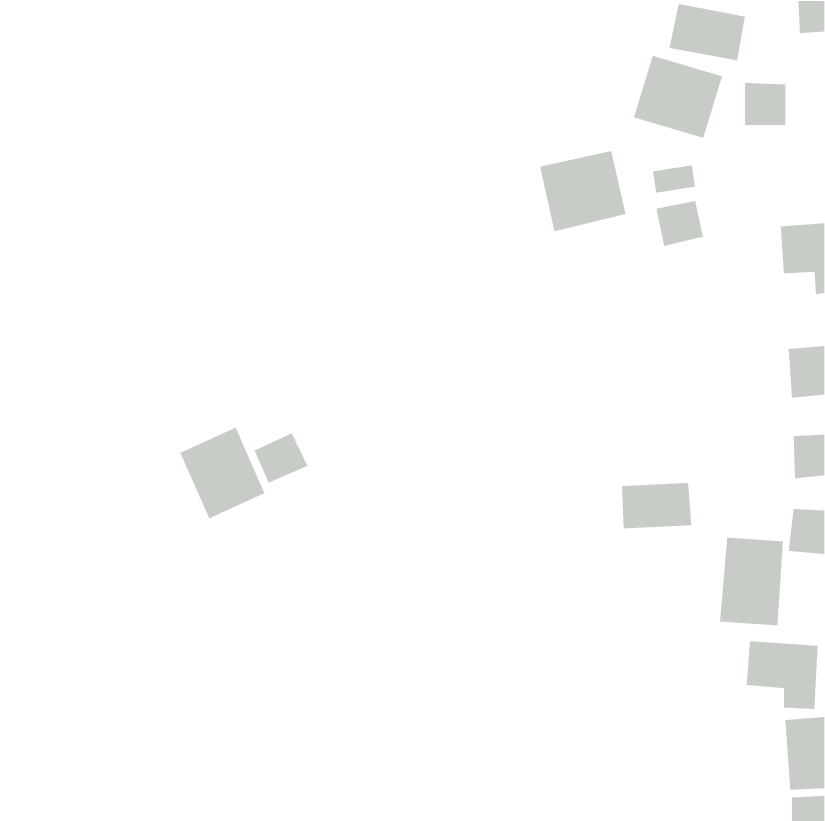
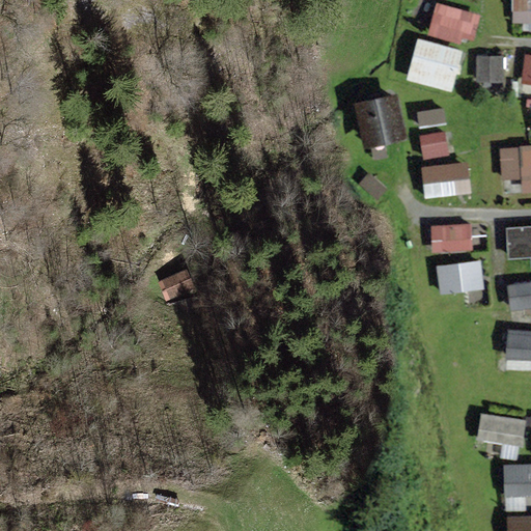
building: none -> [423,162,472,197]
building: none -> [431,223,474,252]
building: [179,427,266,519] -> none
building: [621,482,692,529] -> [439,262,484,292]
building: [719,537,784,626] -> none

